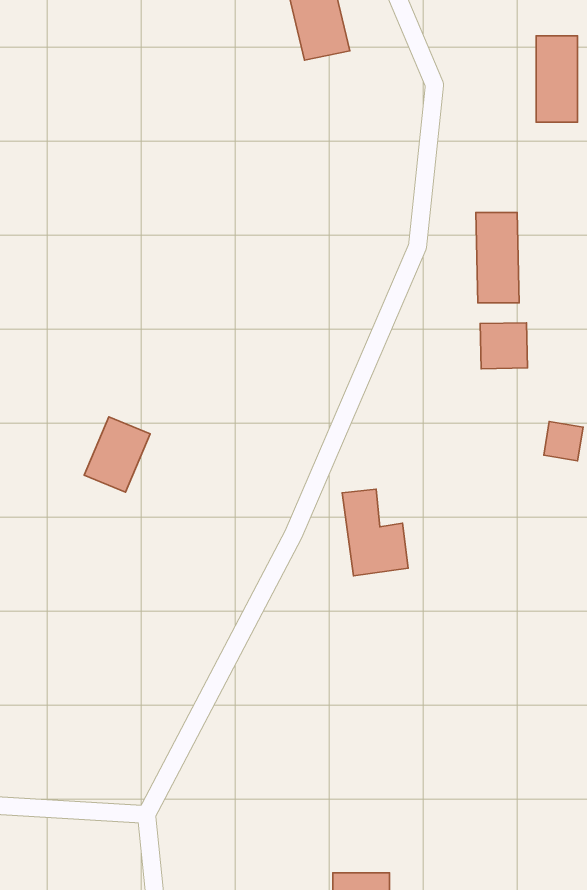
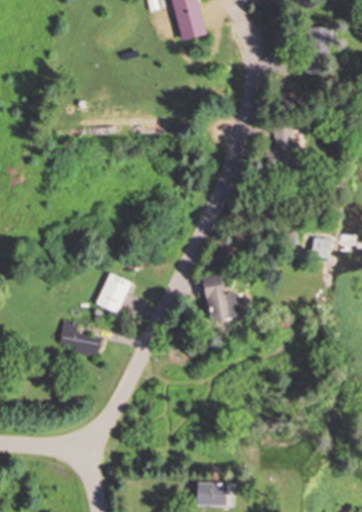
building: [480,323,527,369] -> none
building: [84,417,150,492] -> [96,272,132,313]
building: none -> [59,319,104,355]

